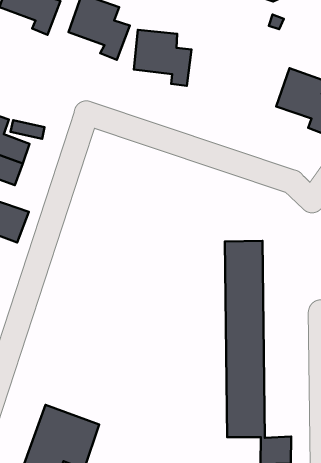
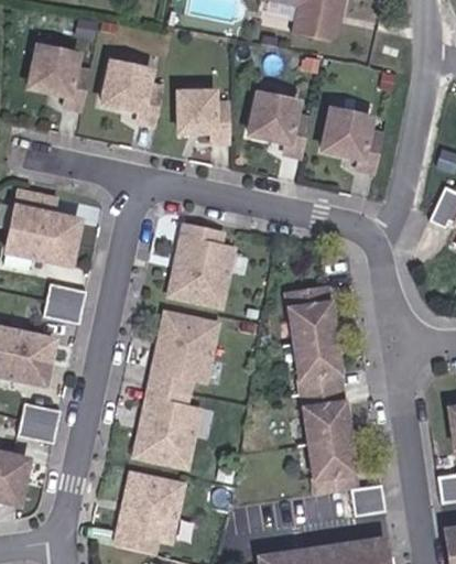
building: none -> [251,93,313,154]
building: none -> [164,220,234,296]
building: none -> [134,321,217,454]

